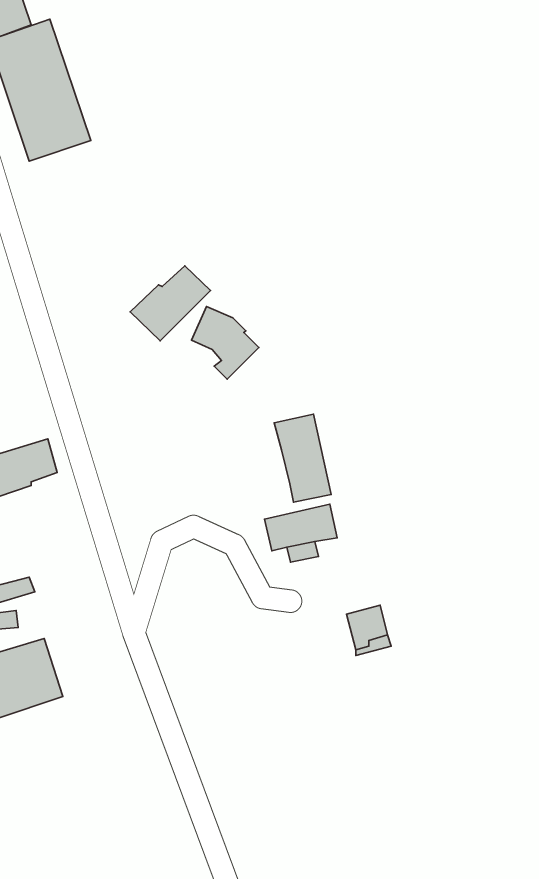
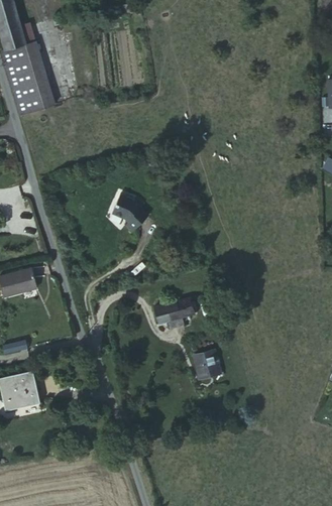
building: [130,266,211,341] -> none
building: [274,414,331,502] -> none

